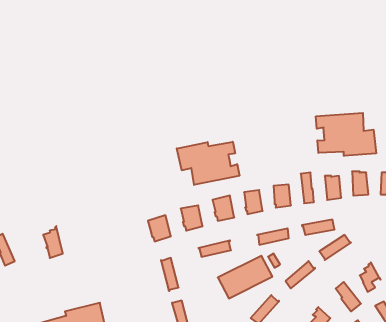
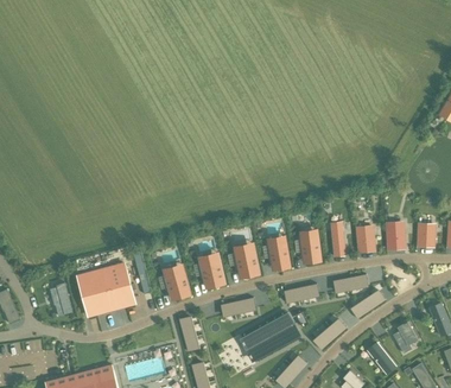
building: [316,113,376,156] -> none
building: [177,142,239,185] -> none
building: none -> [78,265,133,310]

